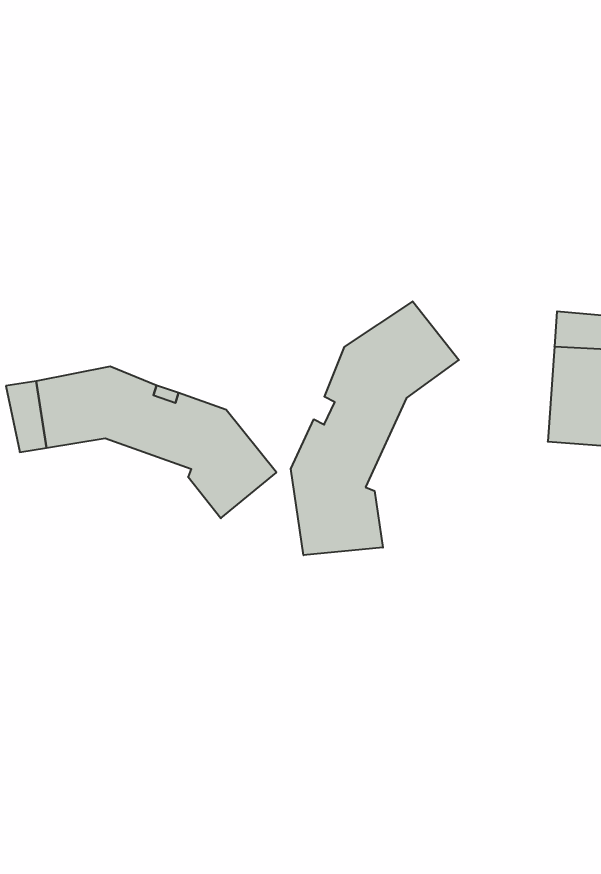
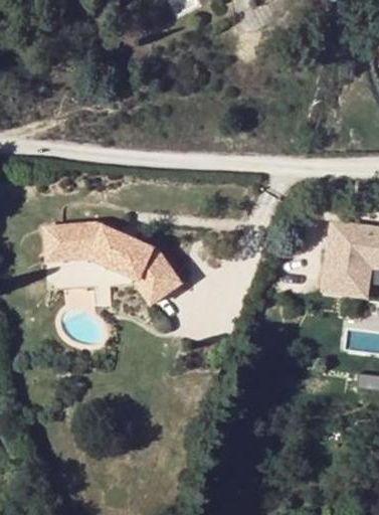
building: [291,301,459,555] -> none

